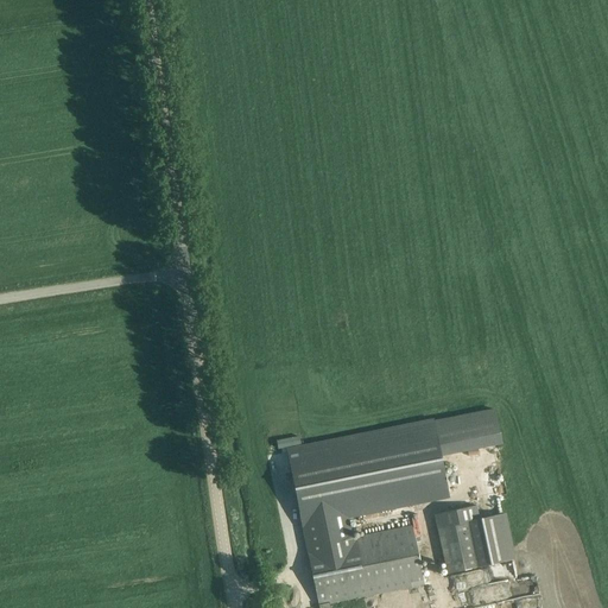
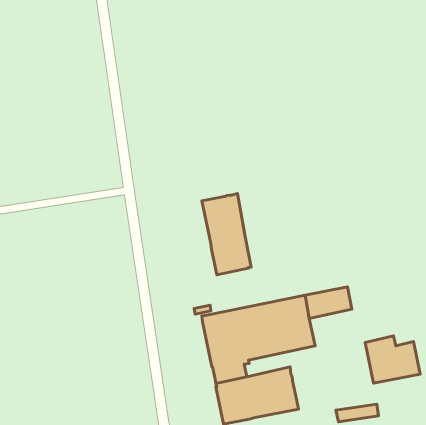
building: none -> [202,193,251,275]
building: [435,504,513,571] -> [365,336,420,383]

